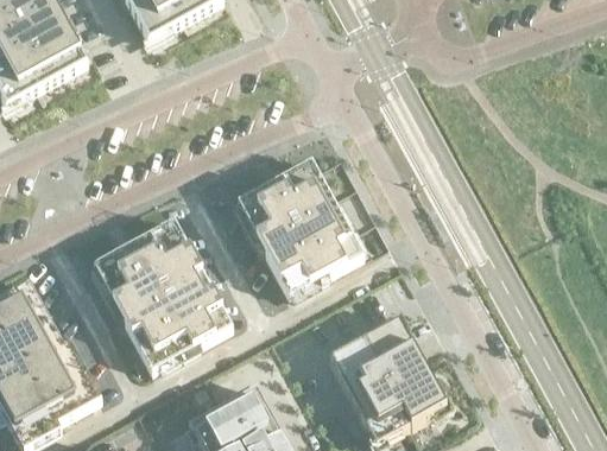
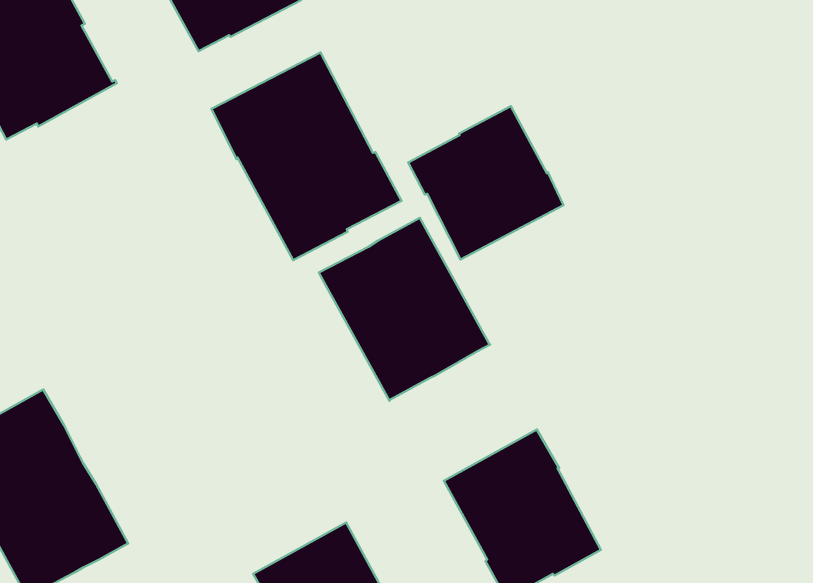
building: none -> [212,53,401,260]
building: none -> [408,106,563,259]
building: [93,222,232,373] -> none

